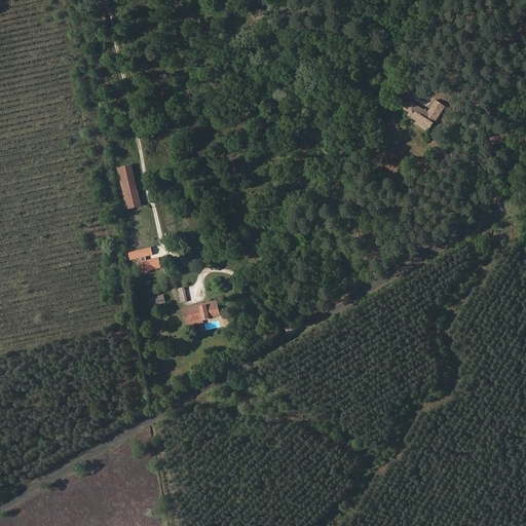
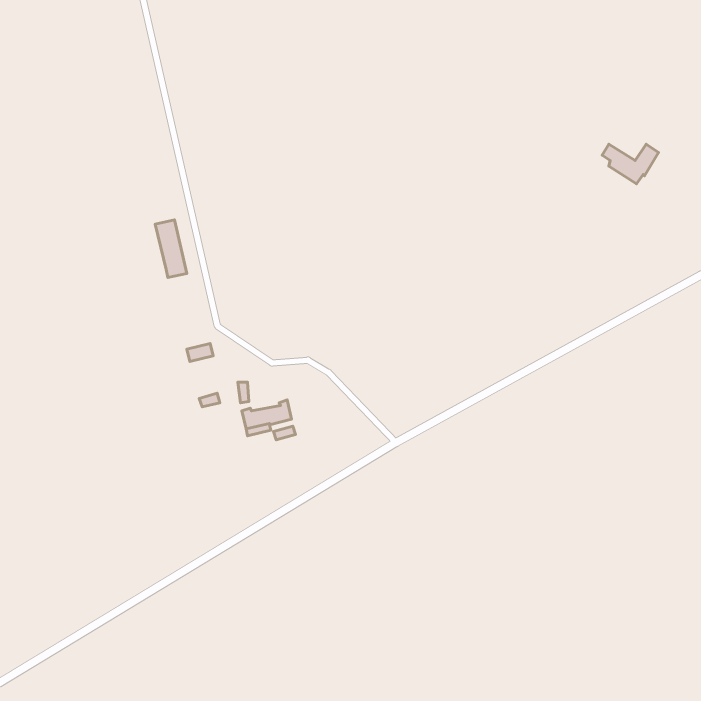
building: [402,99,444,128] -> [602,144,658,184]

